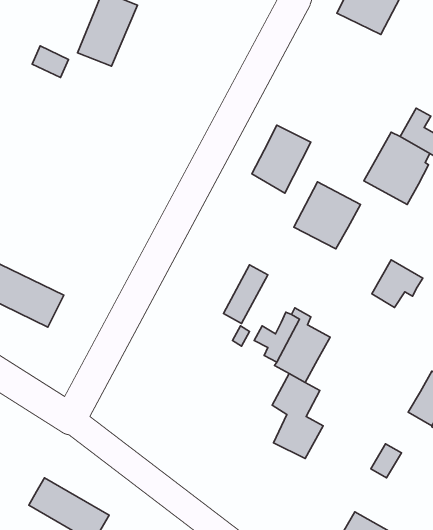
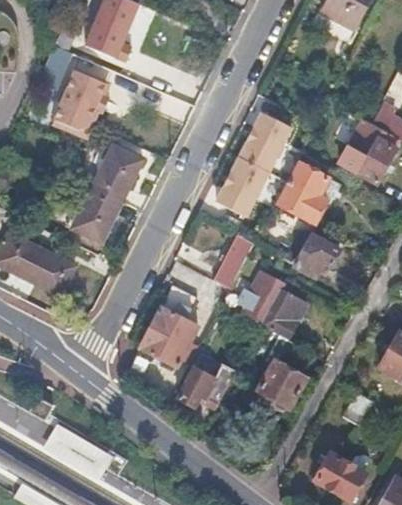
building: none -> [50,70,101,137]
building: none -> [70,143,141,241]
building: none -> [215,156,268,217]
building: [372,260,423,308] -> [294,233,339,275]
building: none -> [140,288,198,367]
building: none -> [179,367,231,404]

